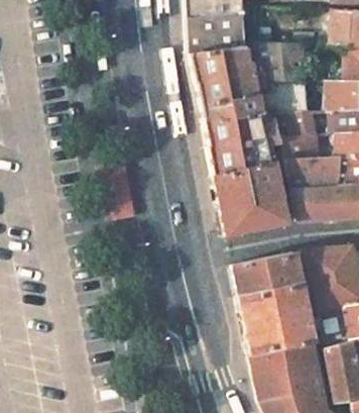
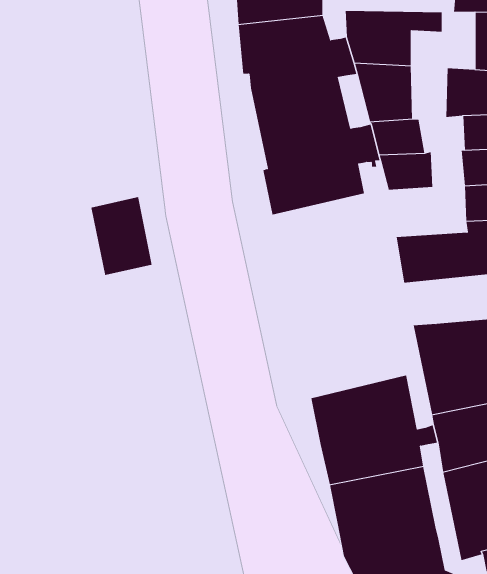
building: [288,158,340,191] -> none
building: [213,162,287,236] -> none
building: [232,249,304,296] -> none

